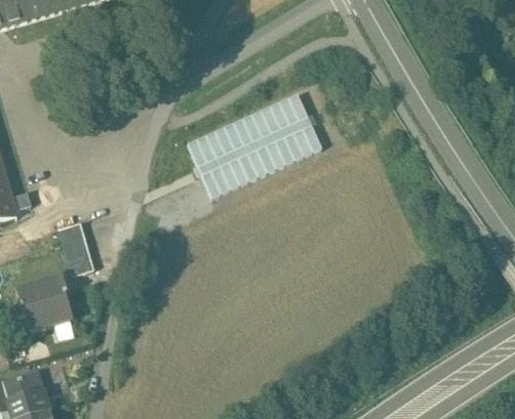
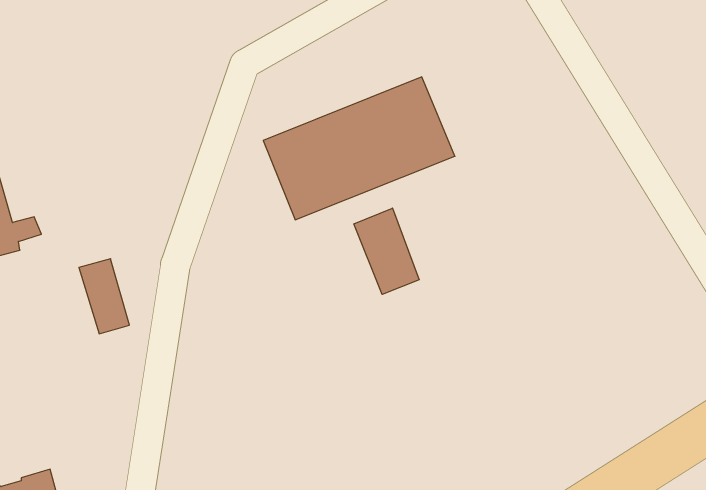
building: none -> [354,208,419,294]
building: [14,276,70,325] -> none

